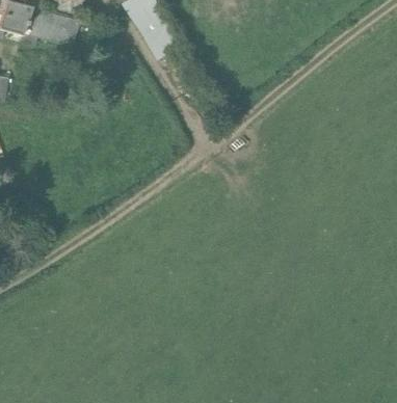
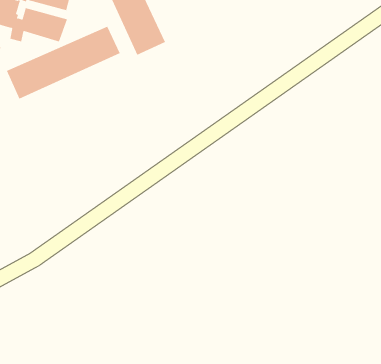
building: none -> [6,26,120,100]

